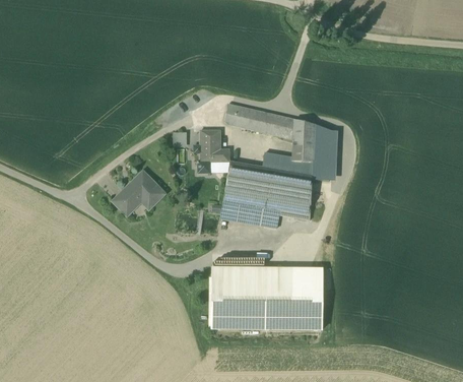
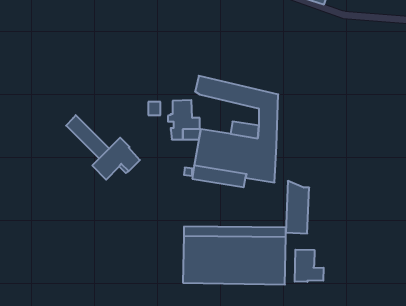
building: [312,123,337,180] -> [286,181,309,233]
building: none -> [66,115,109,158]
building: none -> [295,250,324,282]

